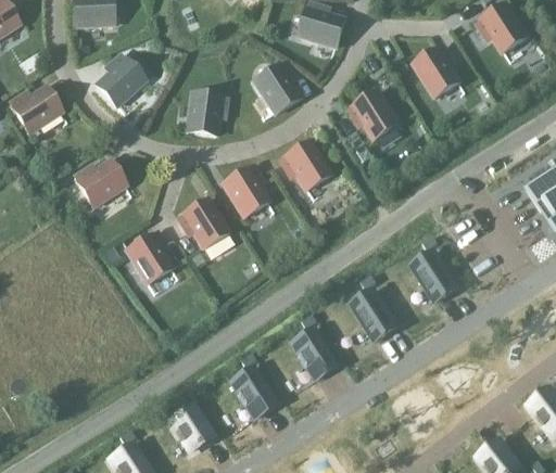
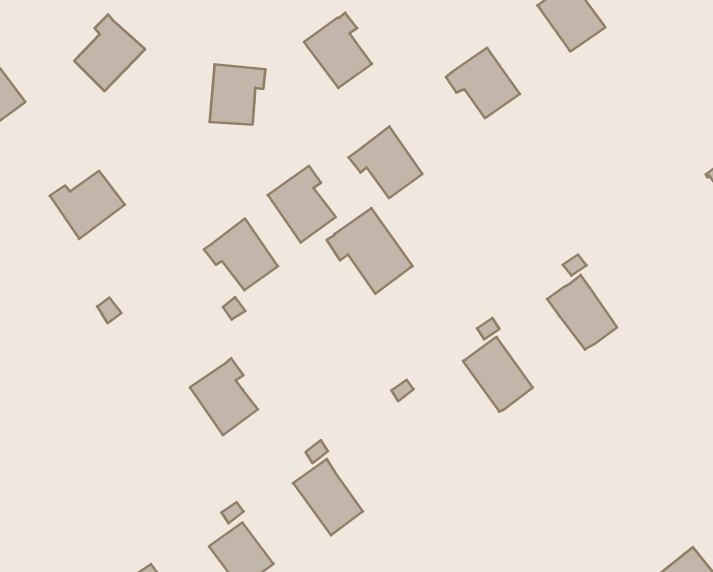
building: none -> [327,208,413,294]
building: [127,231,173,283] -> [190,358,258,435]
building: [291,328,338,379] -> none

